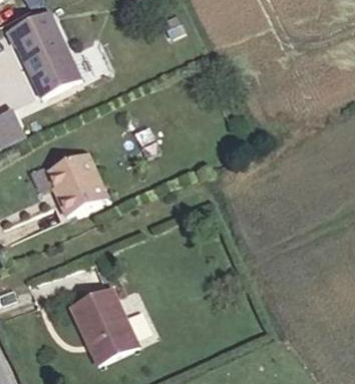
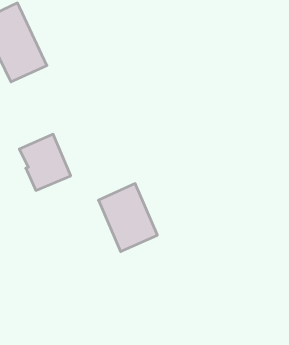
building: [66,289,130,363] -> [98,184,157,252]

